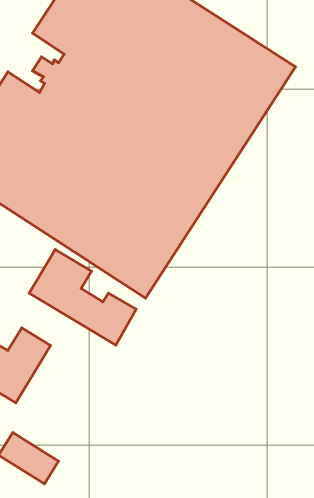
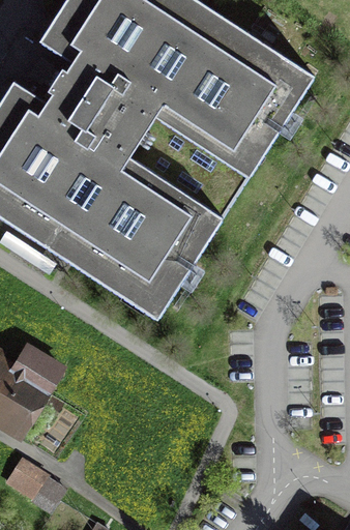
building: [29,250,136,345] -> none

